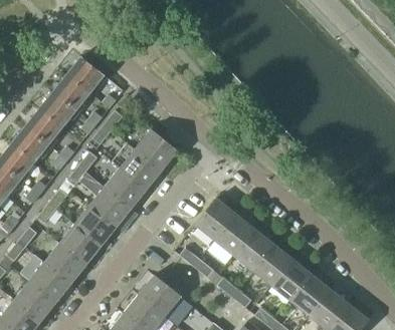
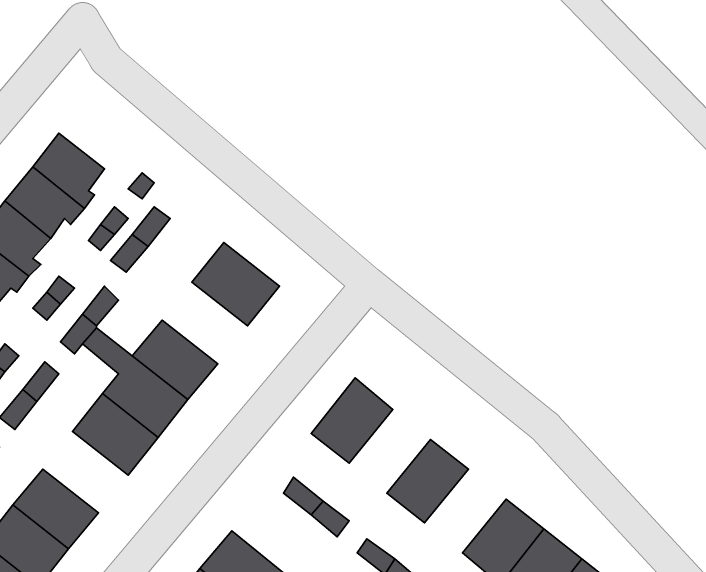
building: [66,57,107,92] -> none
building: [119,149,162,191] -> none
building: [213,214,254,256] -> none
building: [58,225,102,266] -> none
building: [251,244,292,286] -> none

